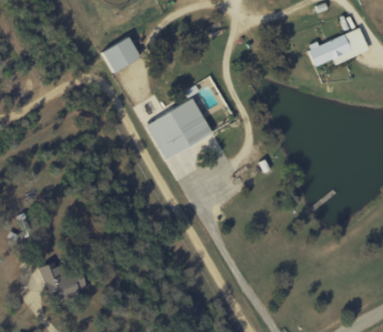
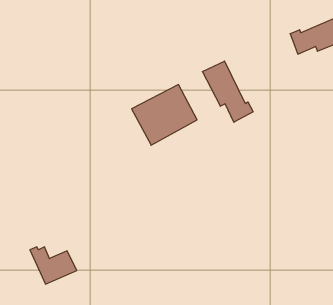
building: [102,37,139,72] -> none
building: none -> [202,61,253,122]

